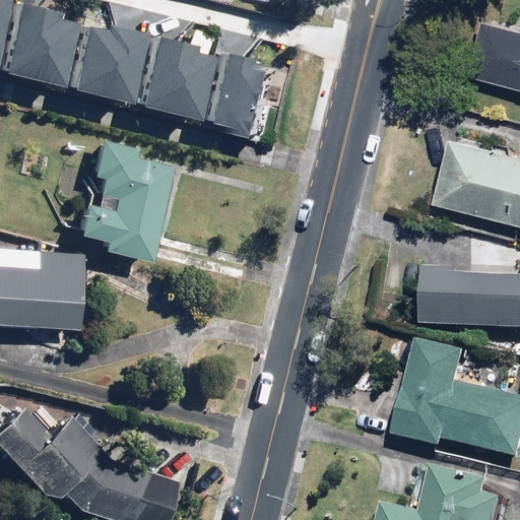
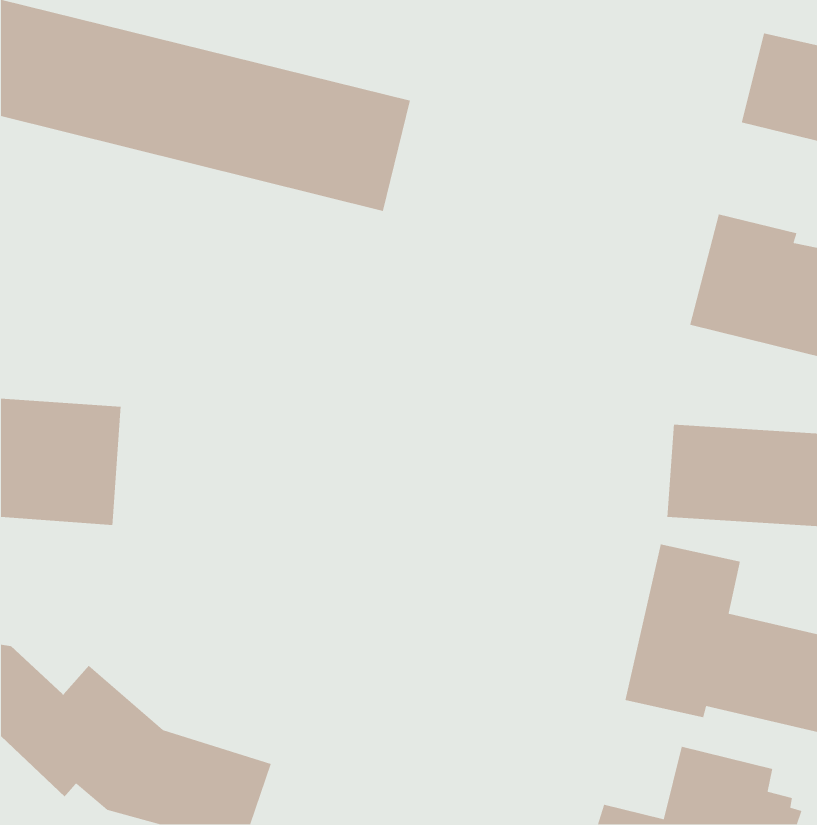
building: [76,138,170,262] -> none

